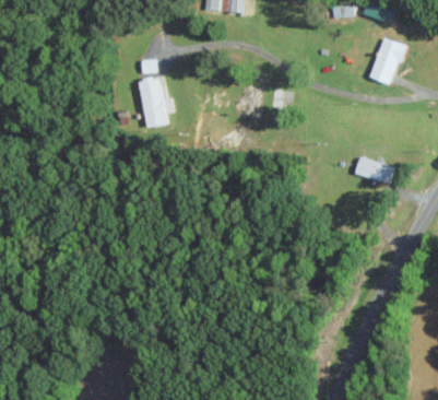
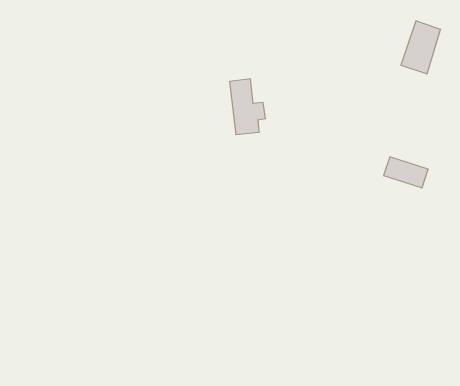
building: [140,78,171,127] -> [230,79,266,135]

